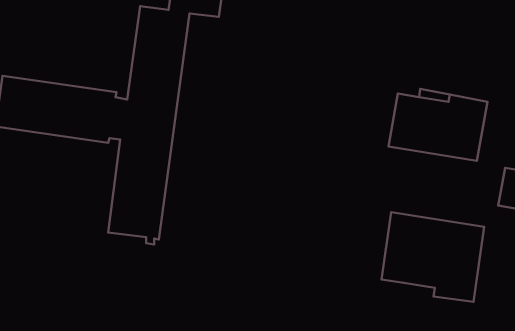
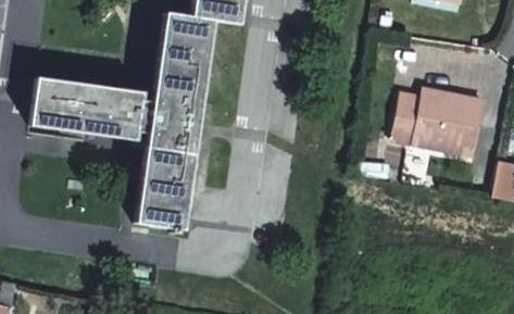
building: [381,212,484,302] -> none

